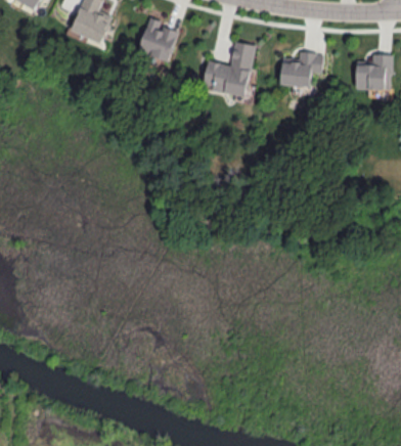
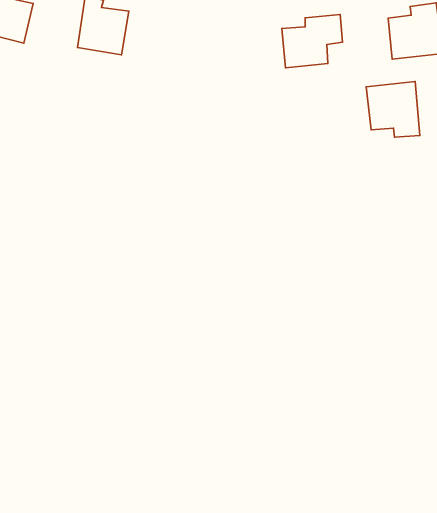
building: [202,41,256,103] -> none
building: none -> [366,82,420,137]

